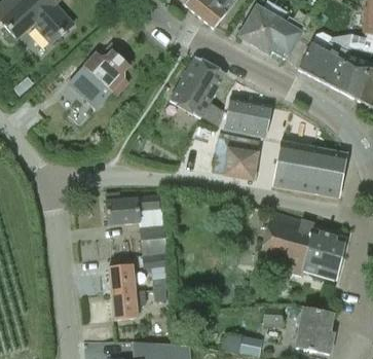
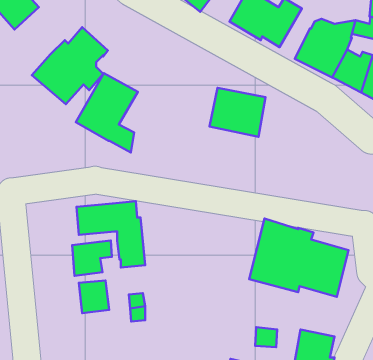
building: [171,57,225,127] -> [76,73,138,152]
building: [212,131,260,182] -> none
building: [272,141,345,196] -> none
building: [111,289,146,320] -> [72,241,112,276]

